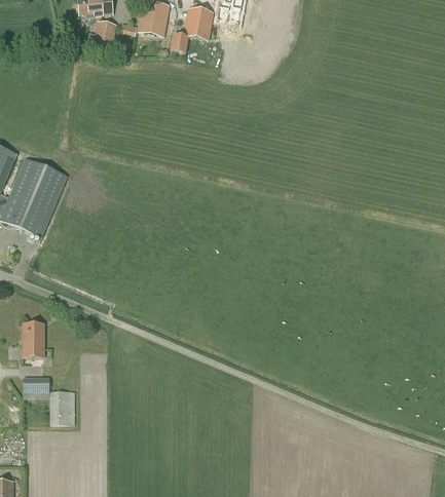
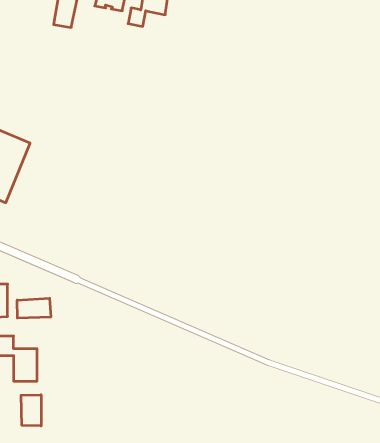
building: none -> [17,298,51,318]
building: none -> [21,395,41,426]

